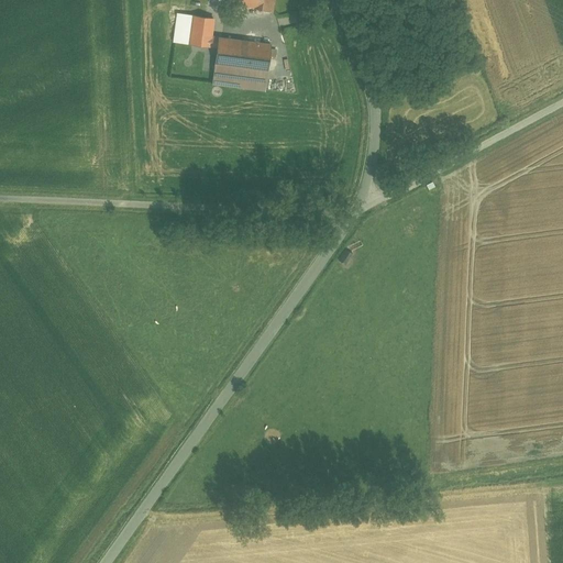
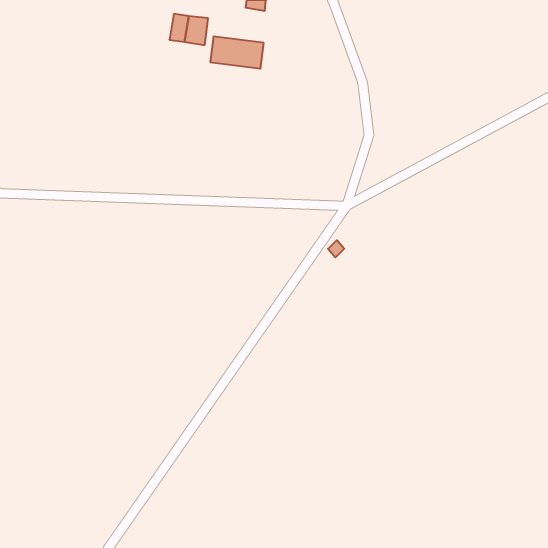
building: [212,64,267,90] -> none

